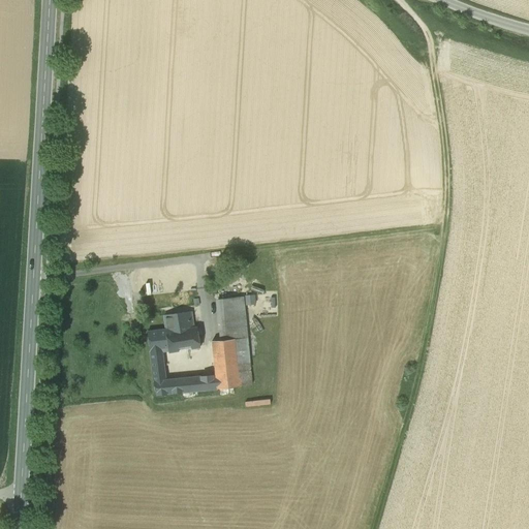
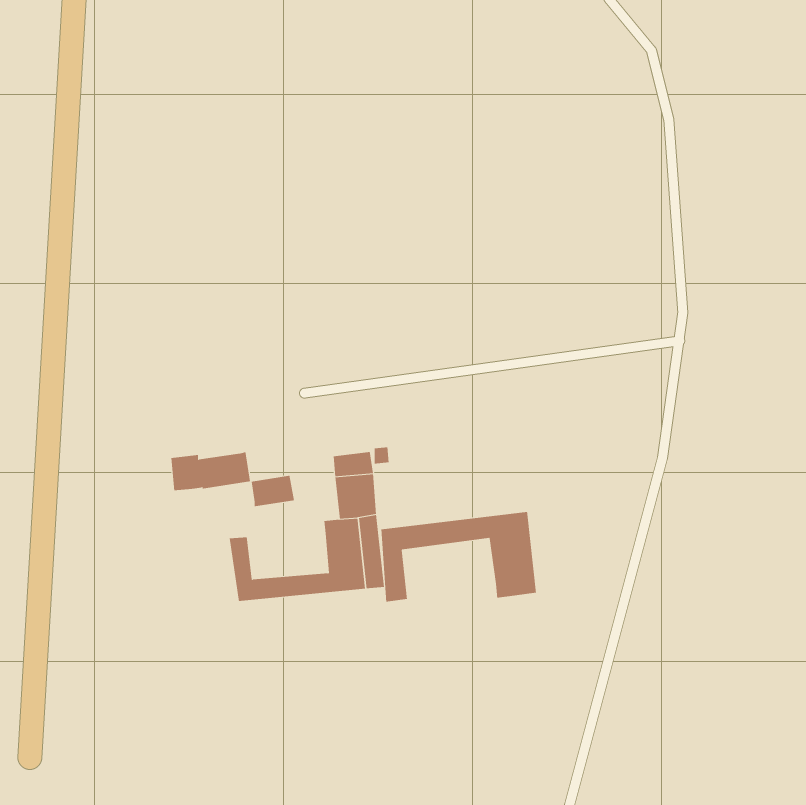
building: [148,326,200,352] -> [170,451,251,491]
building: none -> [381,511,537,603]

